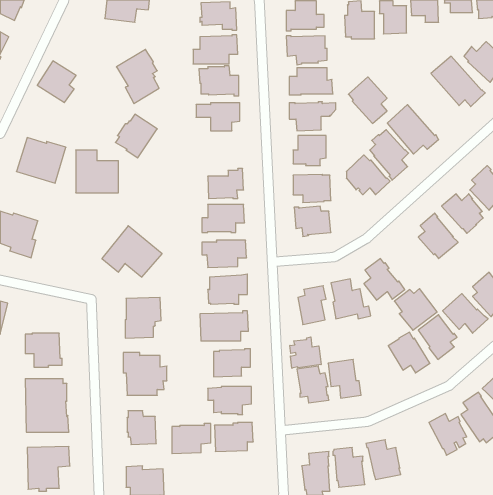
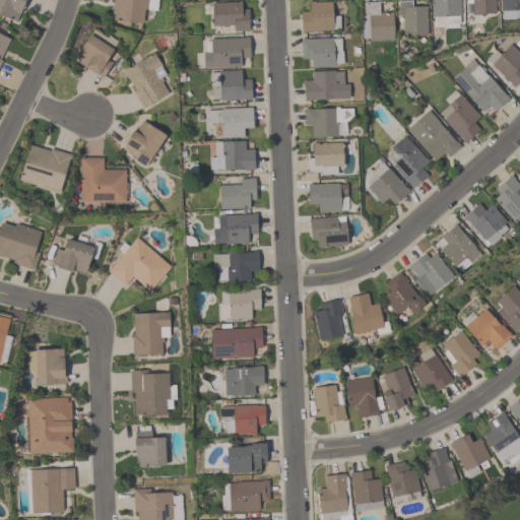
building: [37,61,76,103] -> [75,34,116,77]
building: [348,77,387,123] -> [441,93,481,142]
building: none -> [211,141,256,173]
building: none -> [53,238,95,273]
building: [394,289,437,330] -> [410,252,455,296]
building: [290,337,321,368] -> none
building: none -> [379,367,415,410]
building: [172,424,211,454] -> [231,479,271,511]
building: none -> [420,447,459,491]

